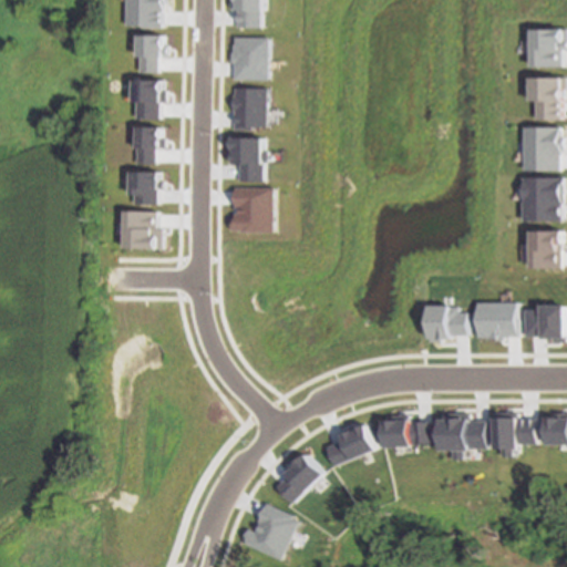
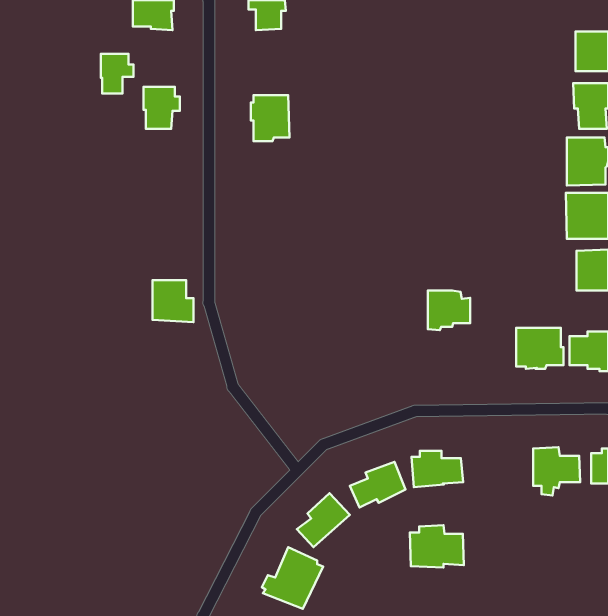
building: [135,34,165,71] -> [101,54,133,94]
building: [229,37,267,79] -> none
building: [135,126,164,164] -> none
building: [227,136,267,181] -> none
building: [131,171,164,204] -> none
building: [230,187,272,231] -> none
building: [125,210,163,249] -> [152,280,193,322]
building: [425,305,464,341] -> [428,291,470,330]
building: [433,412,483,451] -> [410,525,464,568]

